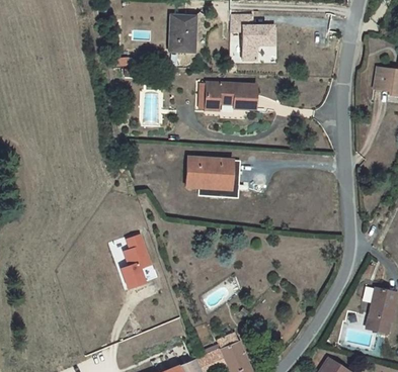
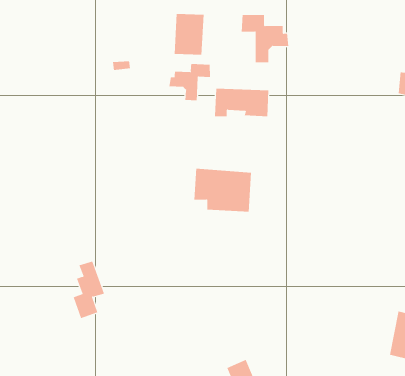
building: none -> [169,63,210,101]
building: [121,234,150,287] -> [73,261,105,319]

